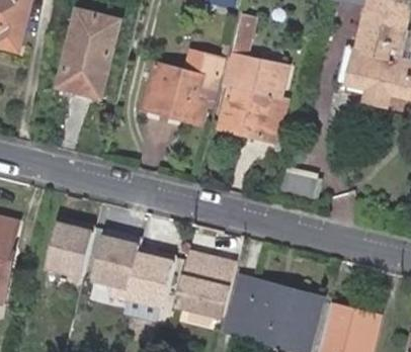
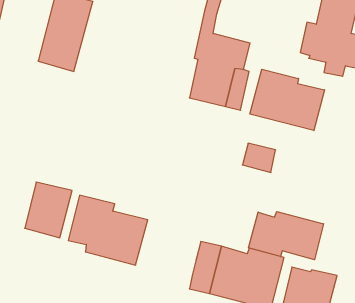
building: [144,49,224,121] -> none
building: none -> [250,69,325,131]
building: none -> [248,212,324,260]
building: [175,253,237,317] -> none

